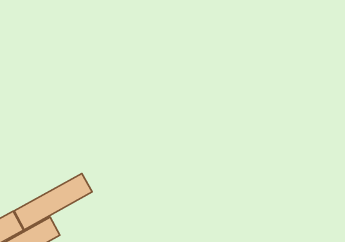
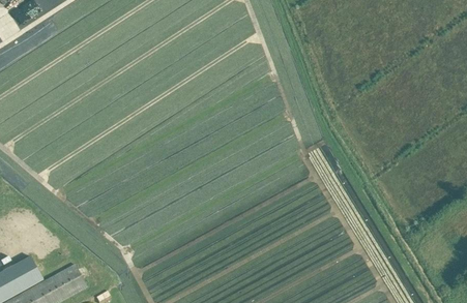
building: [14,174,92,230] -> none

